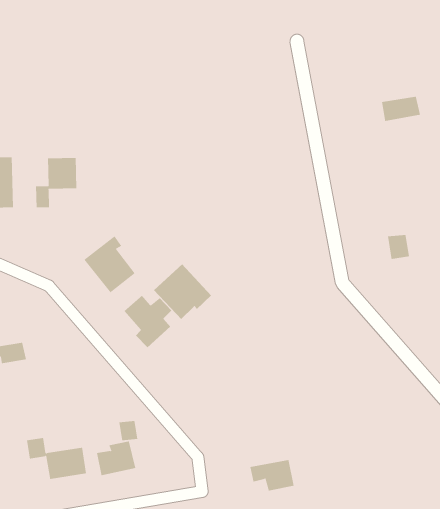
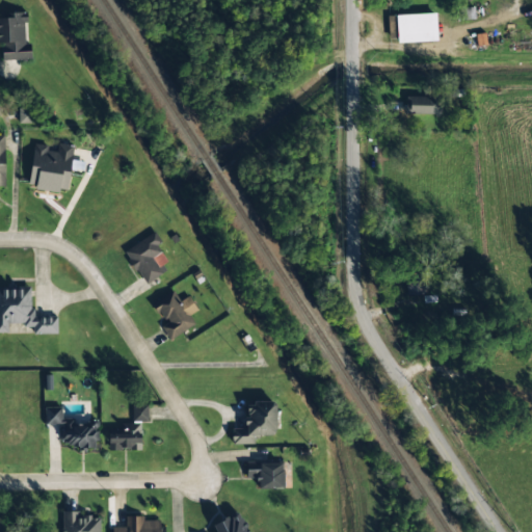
building: [381,96,421,122] -> [406,97,441,115]
building: [35,157,77,208] -> none
building: [153,264,212,320] -> none
building: none -> [232,402,276,445]

